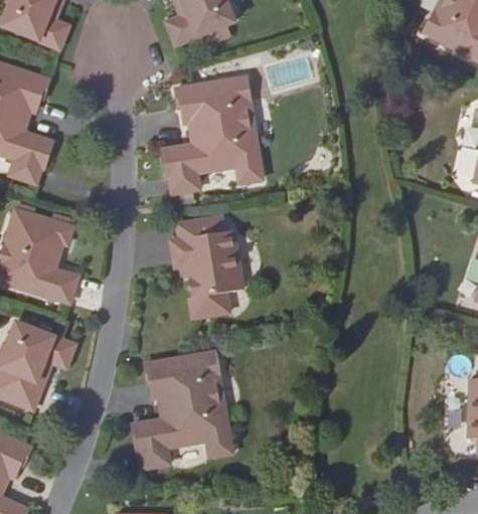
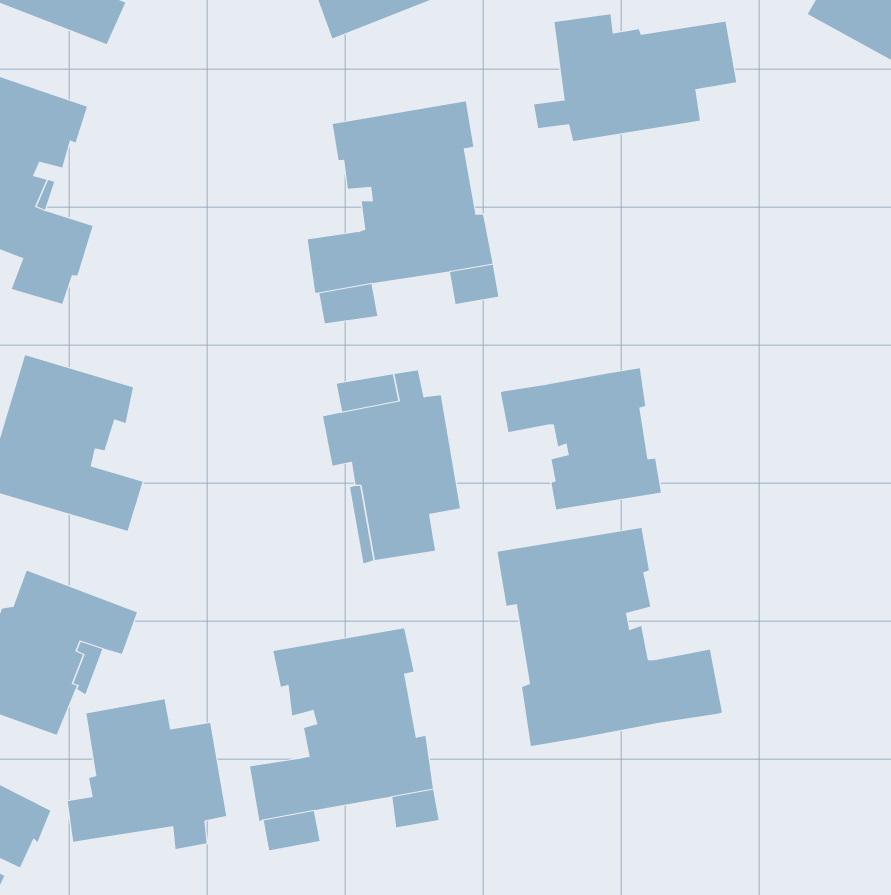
building: none -> [533,13,737,142]
building: none -> [500,368,661,510]
building: none -> [497,527,723,747]
building: none -> [67,698,227,850]

